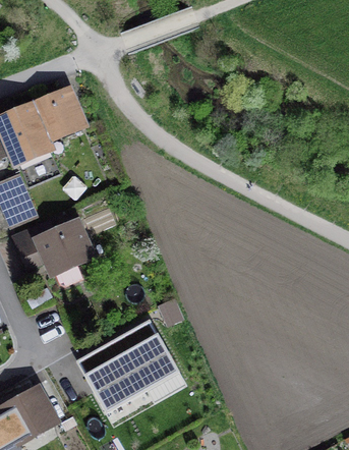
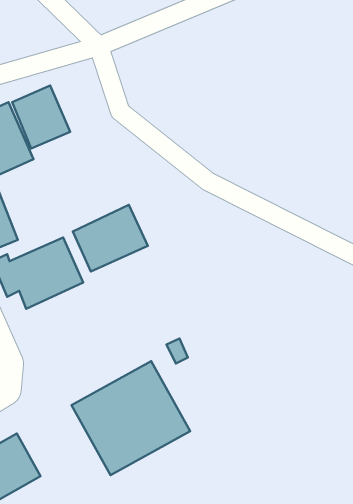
building: none -> [73,205,148,272]

